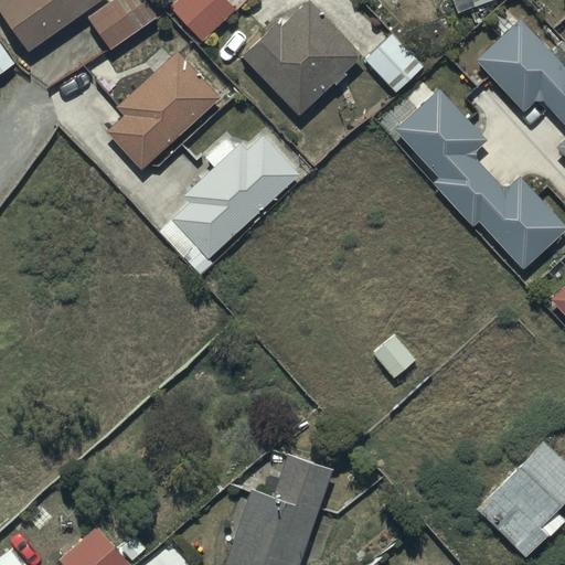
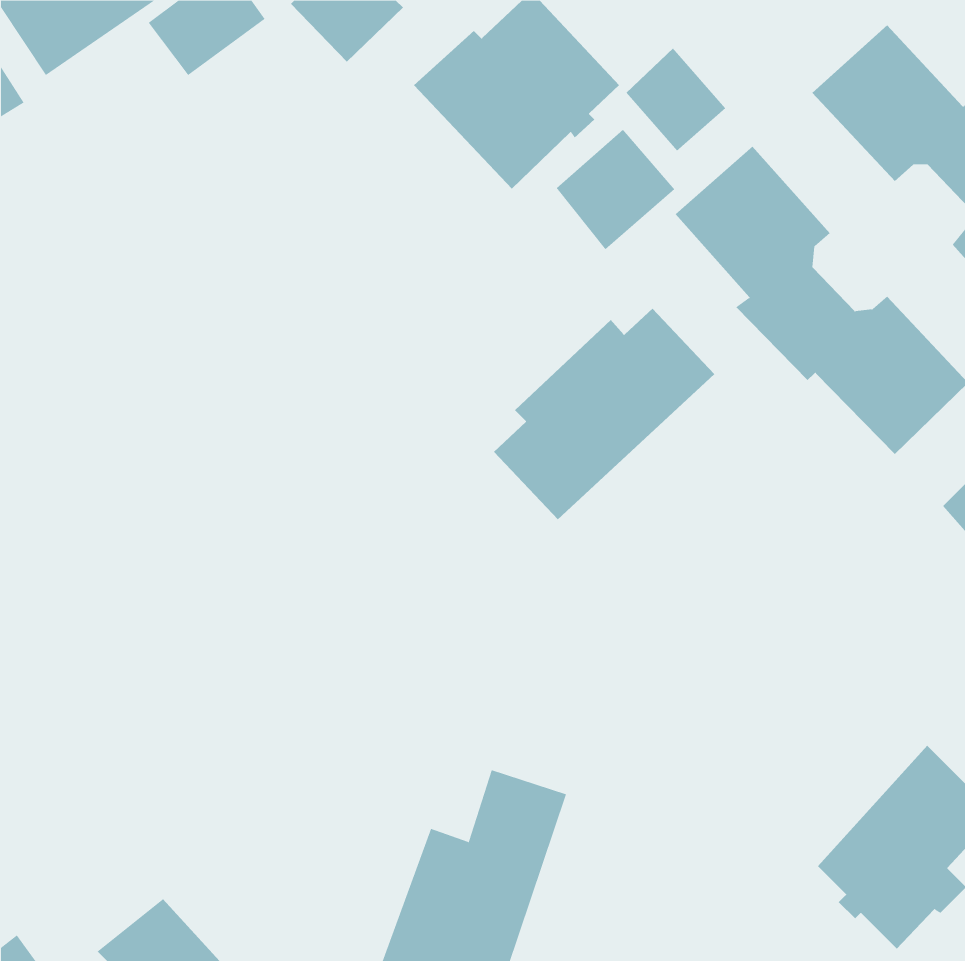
building: [108,50,222,169] -> none
building: none -> [556,129,675,250]
building: [172,136,301,259] -> [493,308,715,520]

